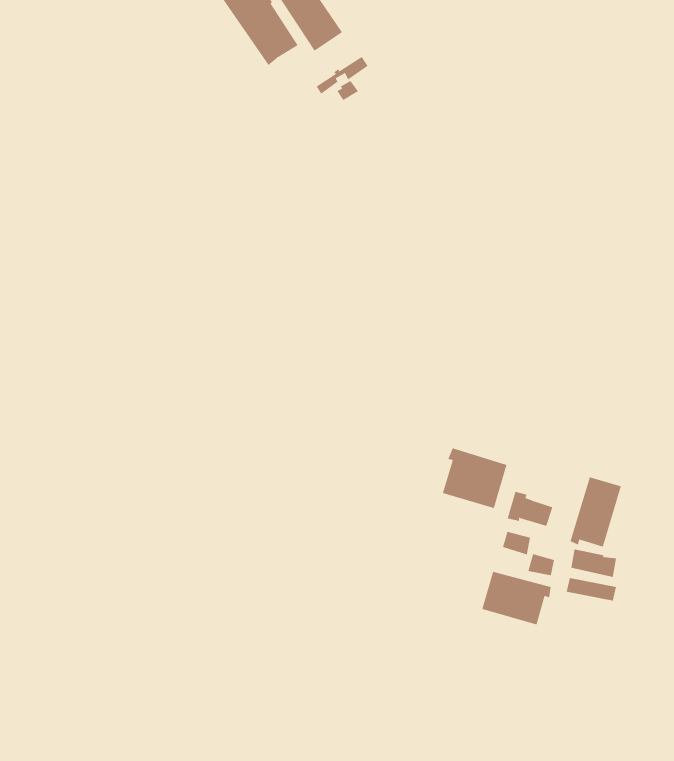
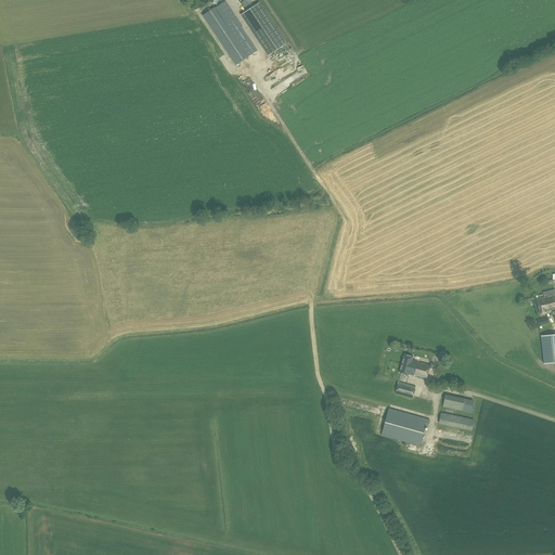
building: [442,447,507,509] -> none
building: [570,477,621,547] -> none

